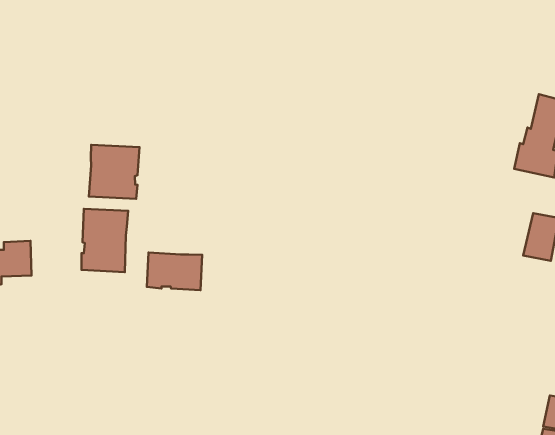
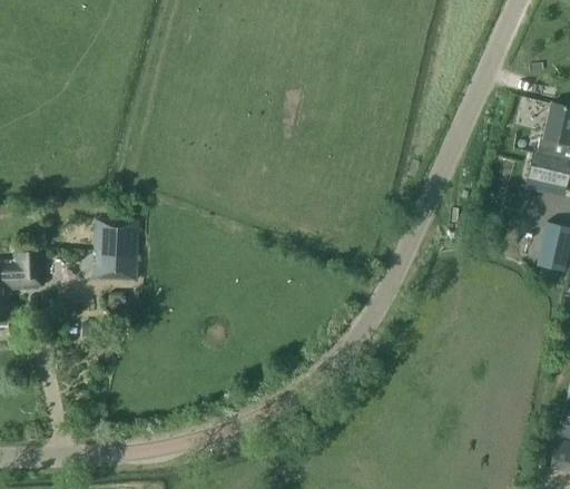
building: [89,145,140,199] -> none
building: [147,252,202,290] -> none

